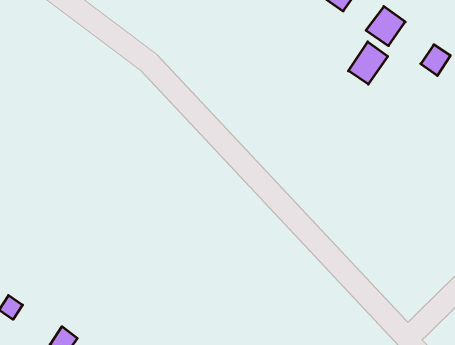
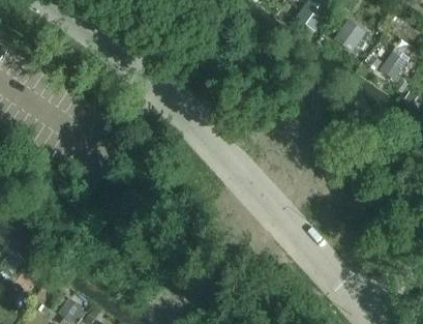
building: [348,42,388,84] -> none

